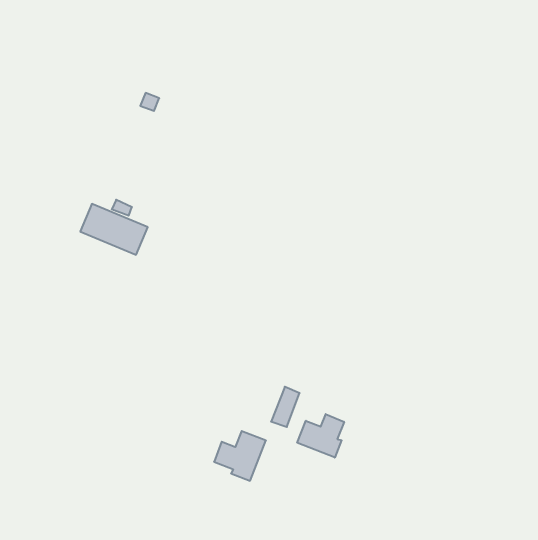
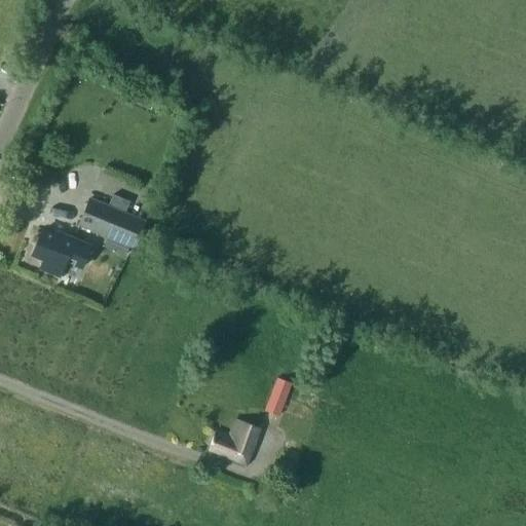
building: none -> [33,230,90,276]
building: [297,414,344,458] -> none

